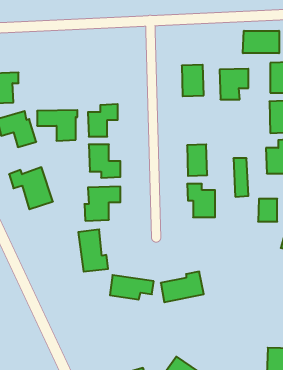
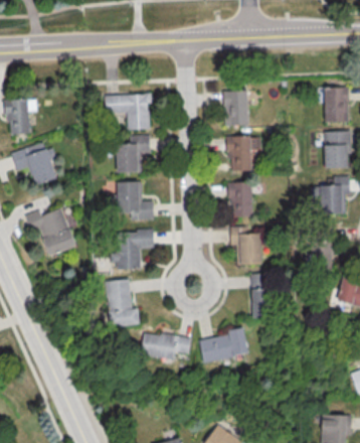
building: [243,31,279,53] -> none
building: [220,69,248,99] -> [228,136,261,171]
building: [37,110,77,141] -> [105,95,151,130]
building: [233,158,248,197] -> [250,274,267,318]

